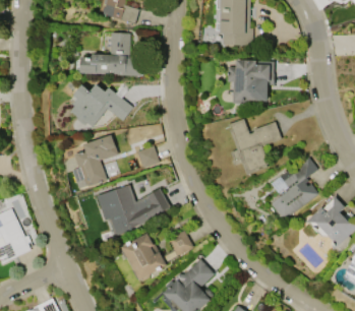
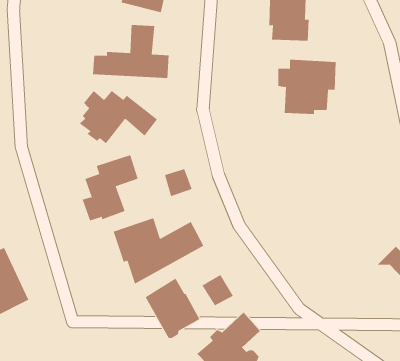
building: [227,119,281,175] -> none
building: [270,157,318,221] -> none

